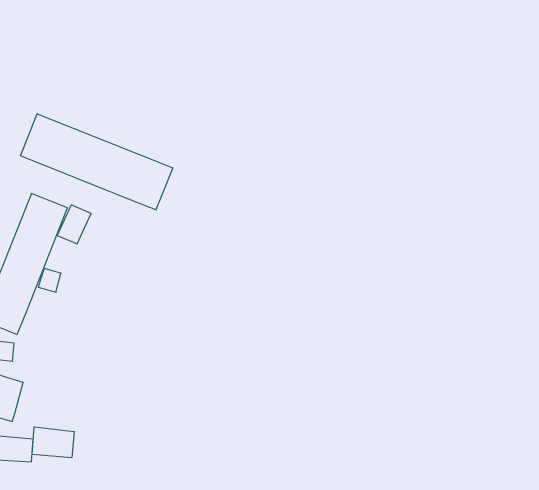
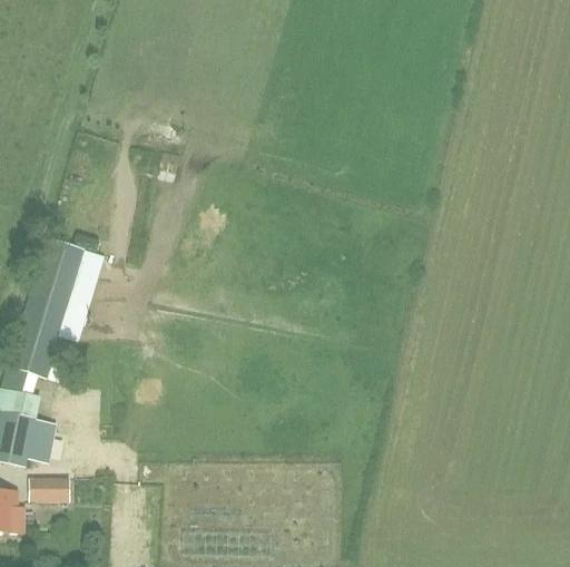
building: [20,114,173,210] -> none
building: [32,427,74,458] -> none

